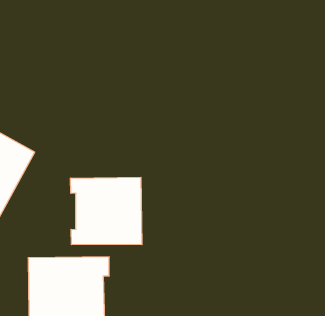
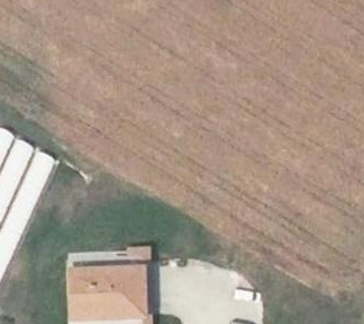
building: [71,177,142,245] -> none

